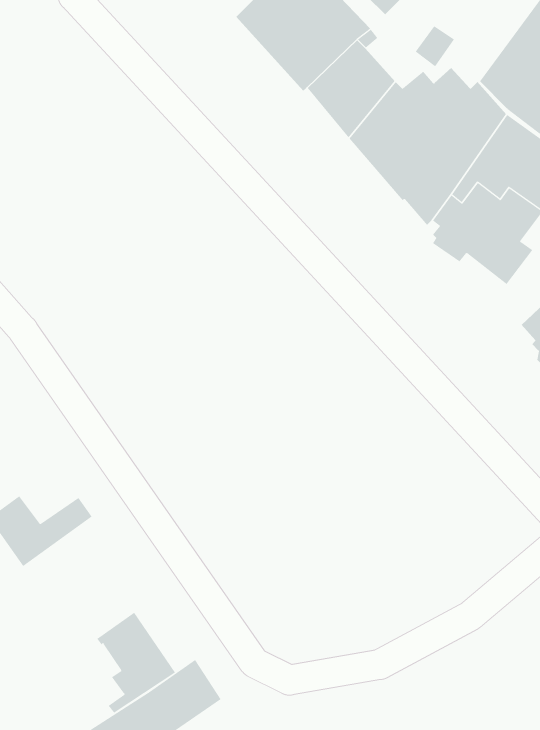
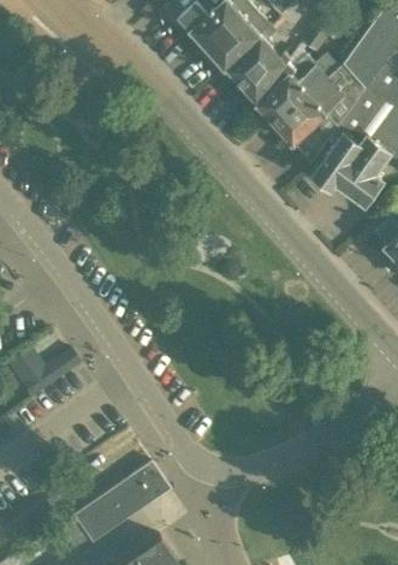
building: [97,612,176,714] -> none

